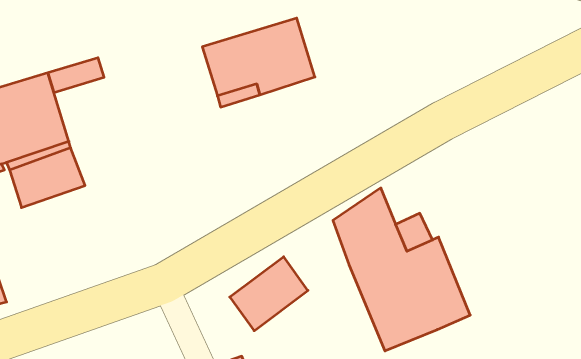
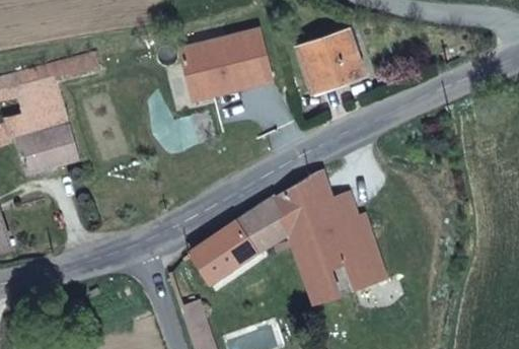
building: none -> [296,30,362,91]
building: none -> [236,196,289,252]

